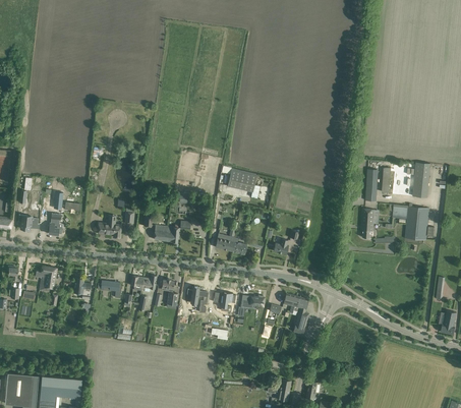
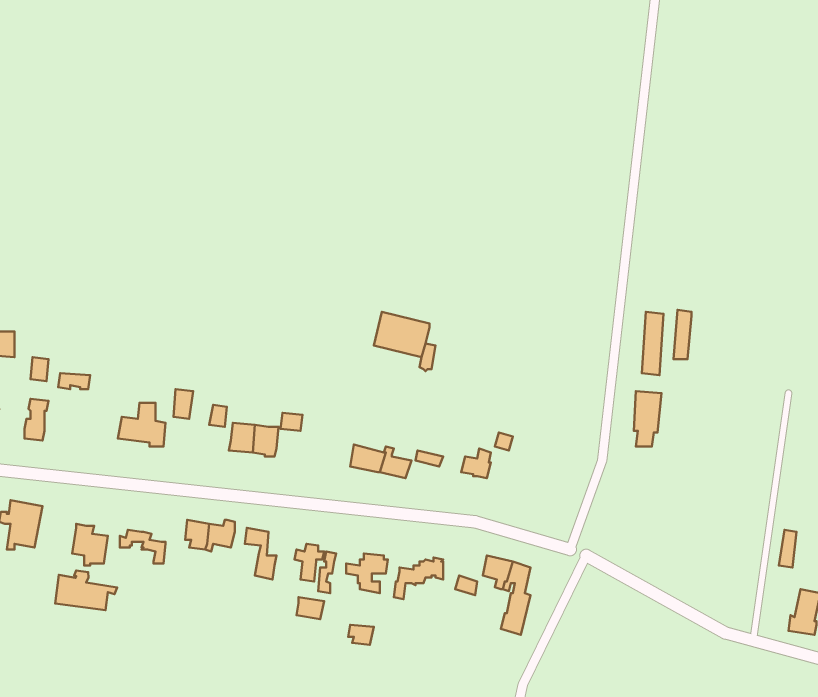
building: [413,162,430,197] -> none
building: [393,203,429,240] -> none
building: none -> [55,570,117,610]

